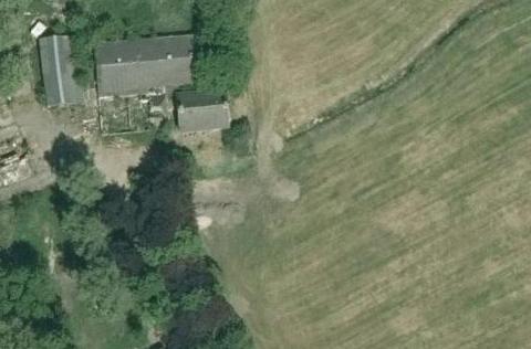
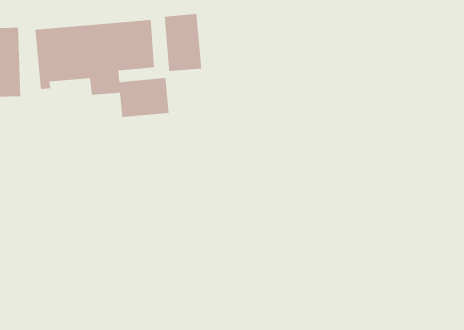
building: none -> [164,13,202,72]

